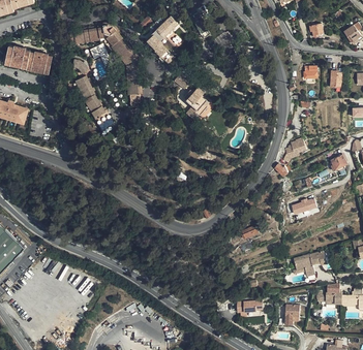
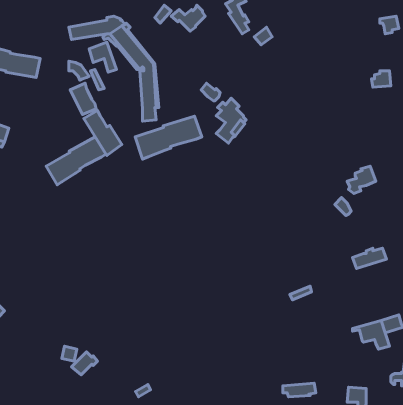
building: none -> [135,116,202,159]
building: none -> [46,137,106,185]

